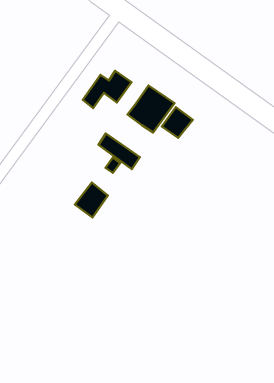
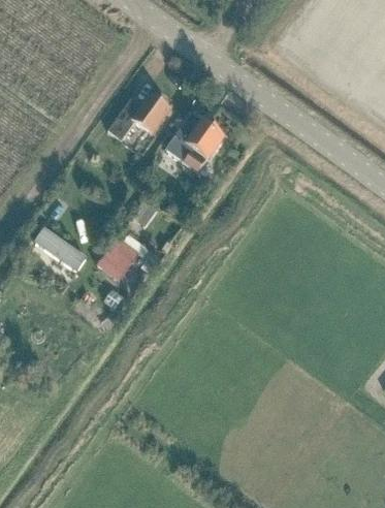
building: [162,107,193,138] -> none
building: [98,134,140,169] -> [35,226,88,272]

